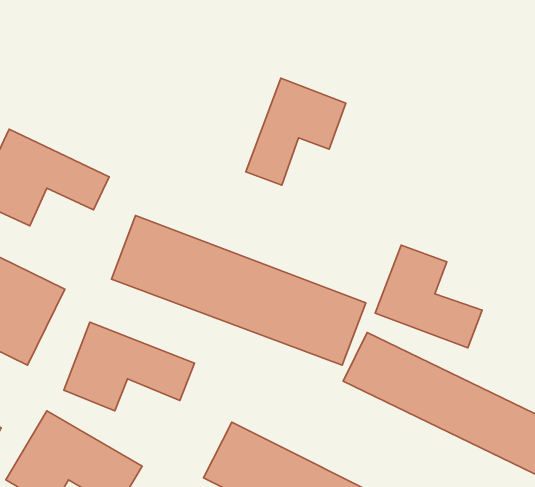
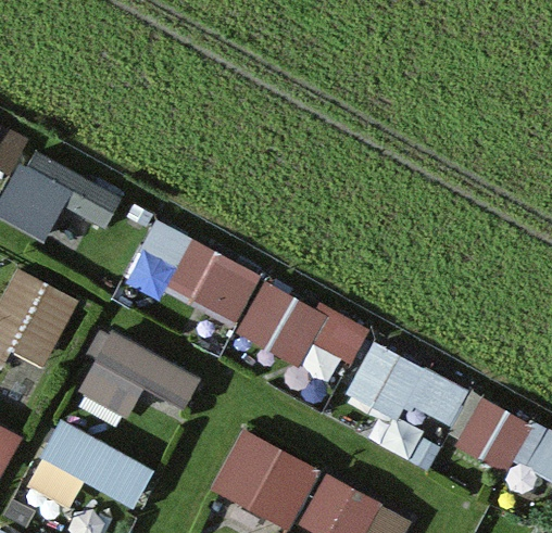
building: [246,78,346,185] -> none
building: [375,245,482,348] -> none

